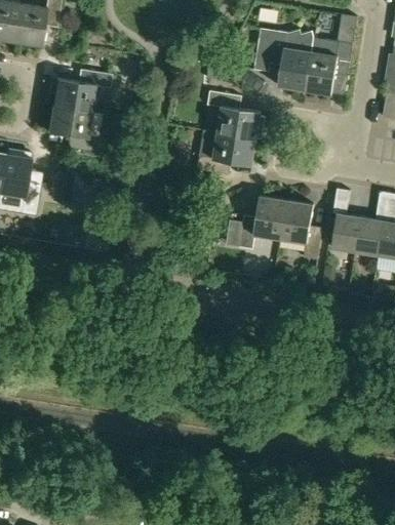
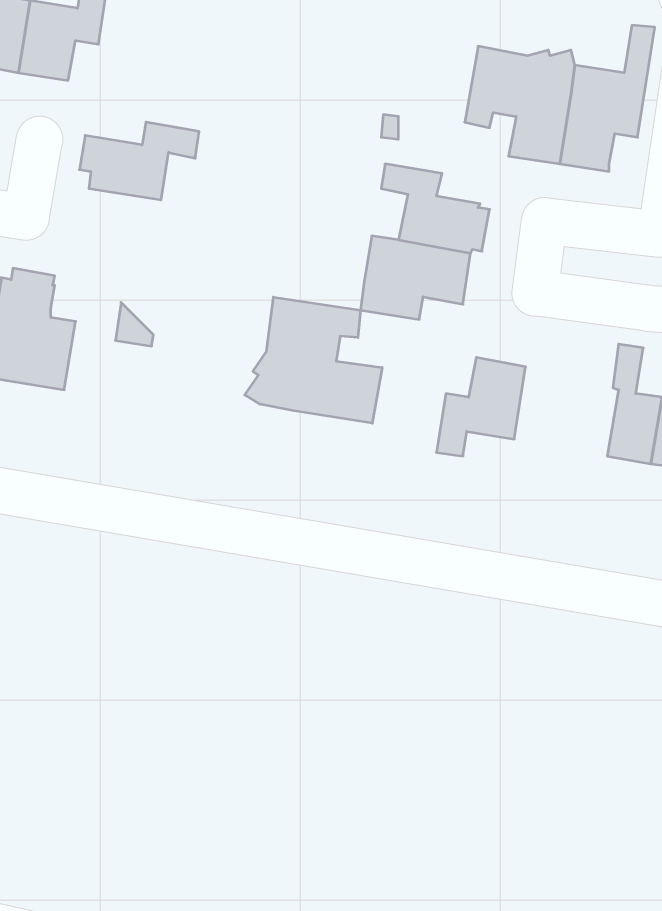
building: [45,105,98,153] -> none
building: none -> [245,297,382,423]
building: [280,201,321,260] -> none

